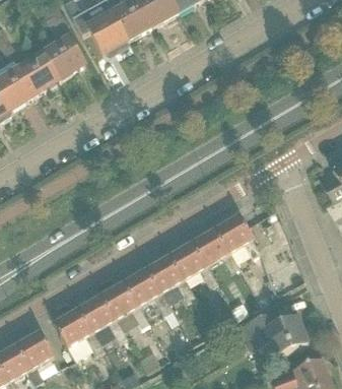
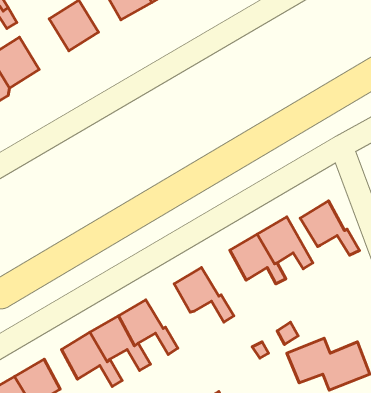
building: [20,51,61,92] -> none
building: [169,241,218,285] -> [300,201,359,255]
building: [124,268,173,313] -> none

